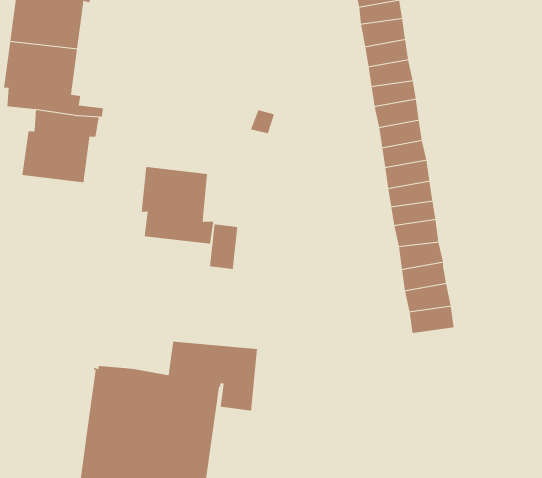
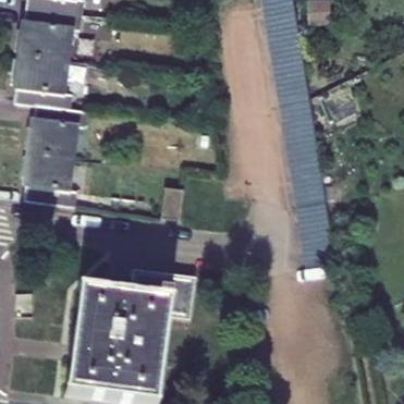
building: [141,166,214,244] -> [24,150,76,206]

